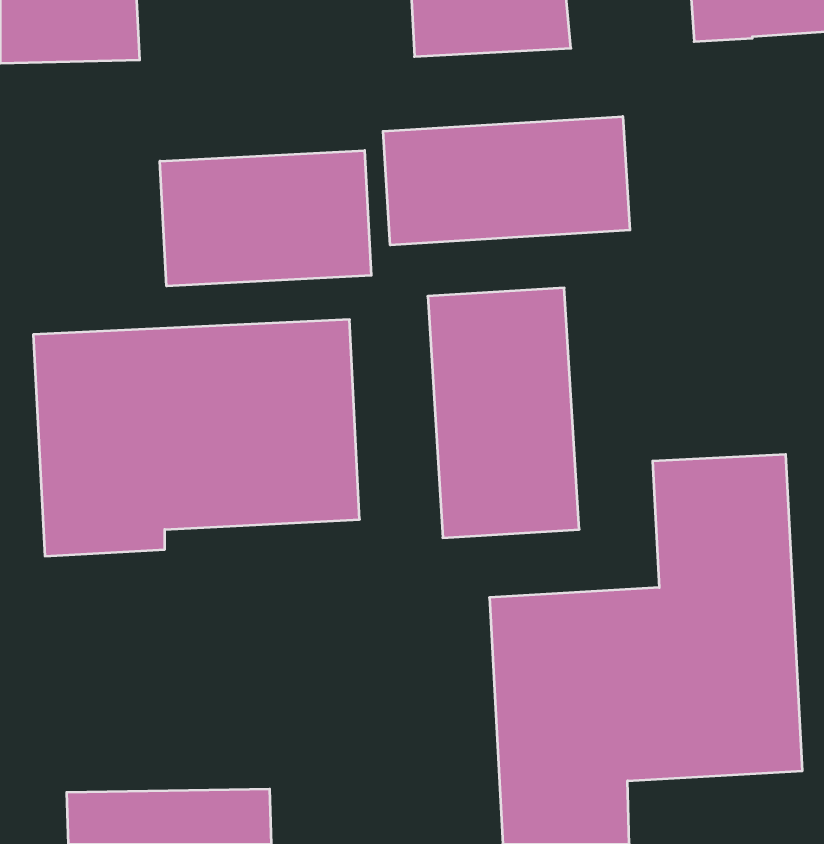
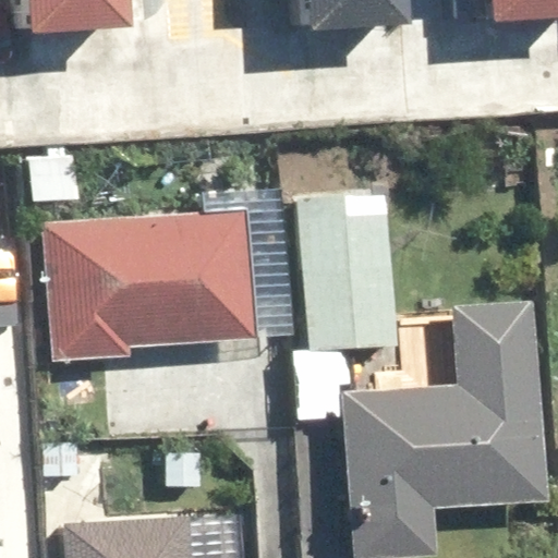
building: [383,116,630,245] -> none
building: [160,150,371,286] -> none

